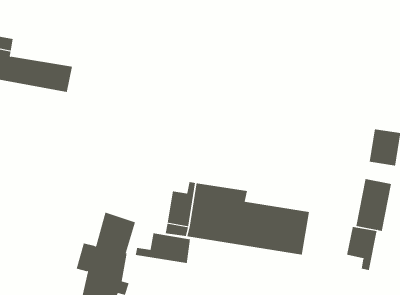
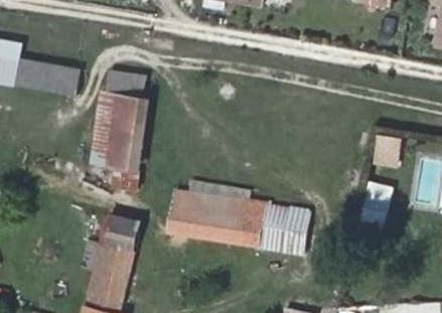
building: none -> [92,72,149,190]
building: [347,226,377,271] -> none
building: [135,233,190,264] -> none

